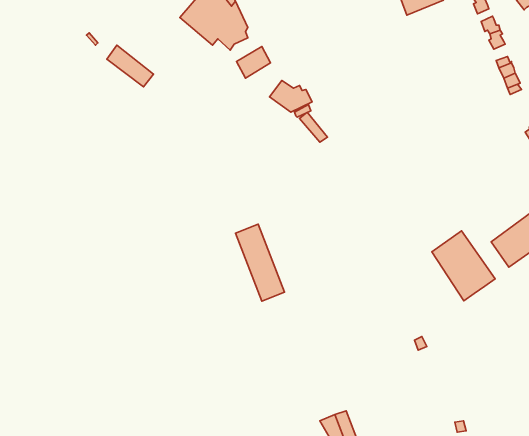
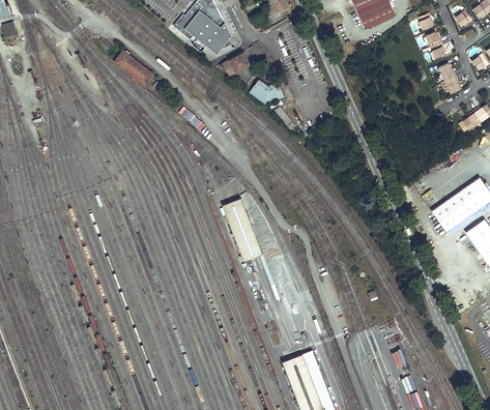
building: [432,231,495,301] -> none

